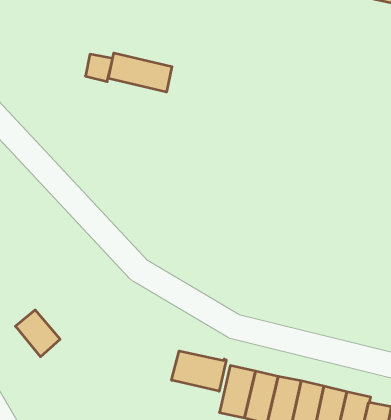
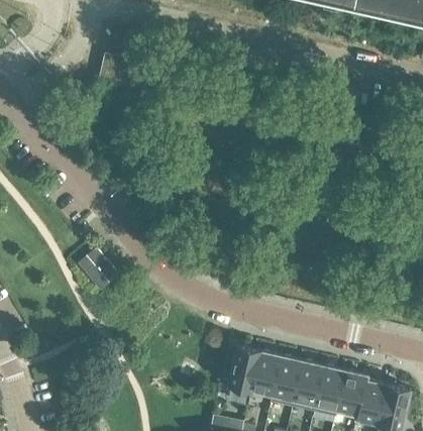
building: [108,53,172,92] -> none
building: [15,310,60,357] -> [80,248,121,292]
building: [172,351,226,391] -> none

